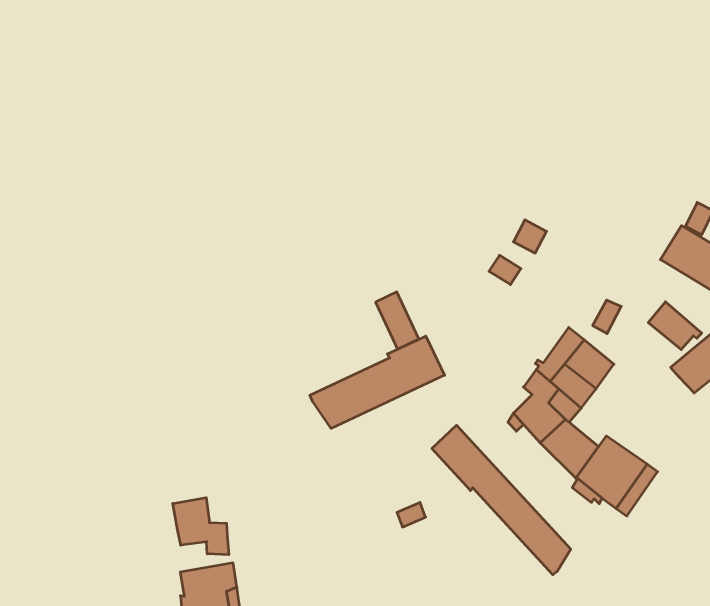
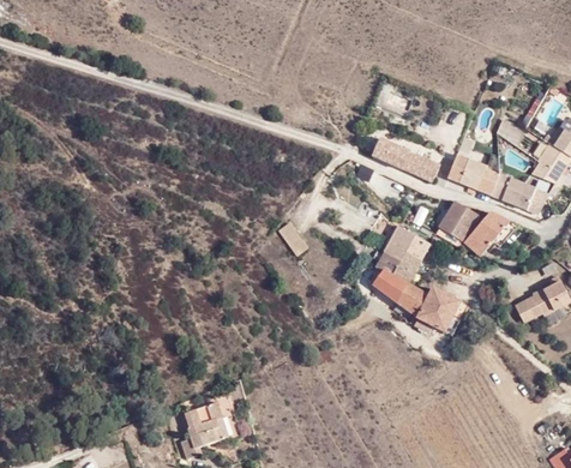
building: none -> [372,137,440,180]
building: none -> [435,215,469,246]
building: [310,336,445,428] -> none
building: [432,425,571,575] -> none
building: [173,498,229,555] -> none

